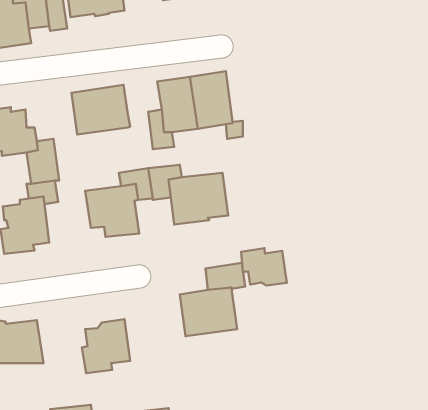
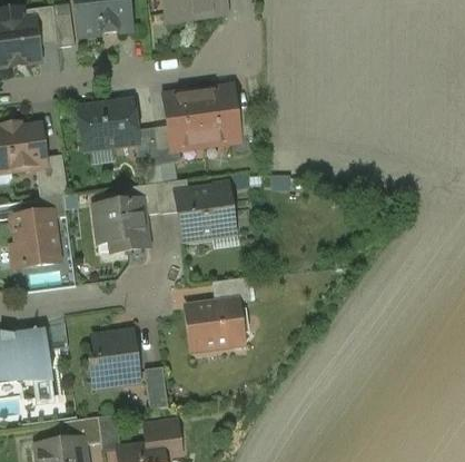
building: none -> [136,127,160,168]
building: [241,248,287,286] -> none
building: none -> [145,366,168,409]

